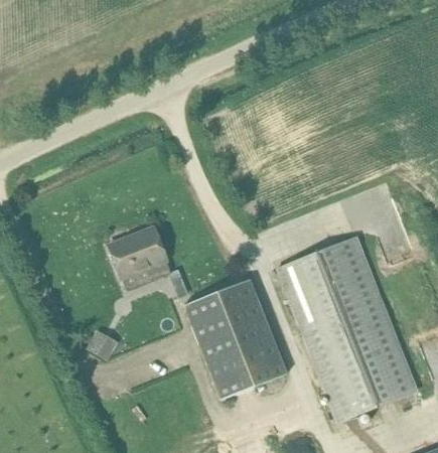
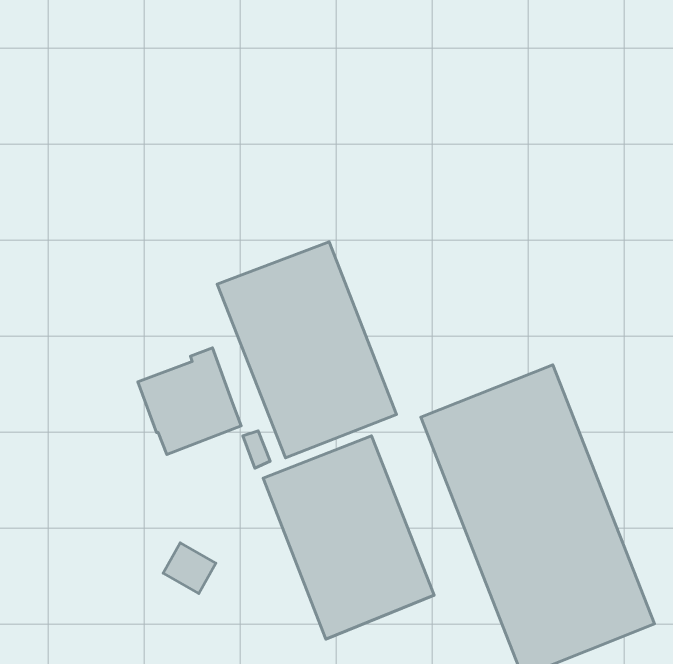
building: none -> [217,242,396,458]
building: [87,329,118,359] -> [163,543,216,594]

